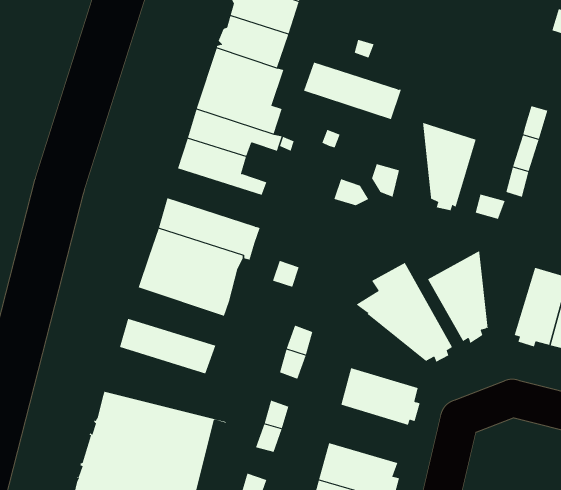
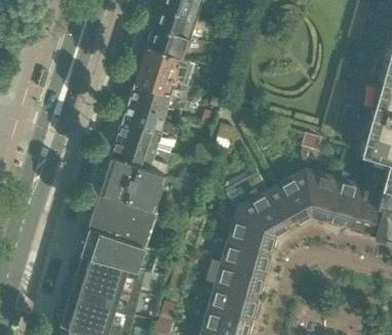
building: [303,62,402,120] -> [119,118,179,153]
building: [422,122,477,211] -> [308,167,341,220]
building: none -> [95,190,154,224]
building: none -> [230,205,278,250]
building: none -> [81,225,162,270]
building: none -> [217,260,268,295]

